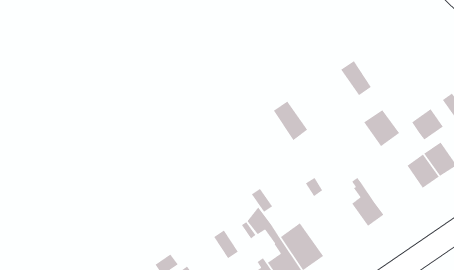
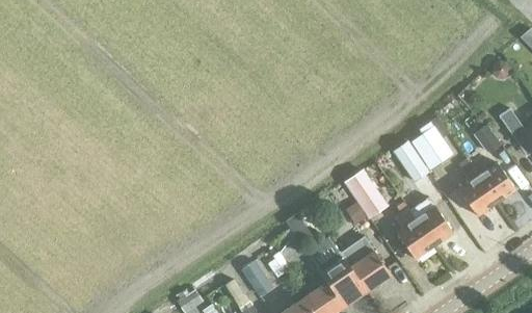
building: [340,60,372,96] -> [393,140,428,181]
building: [273,100,308,141] -> [346,171,385,216]
building: none -> [409,204,453,244]
building: none -> [341,238,391,291]

